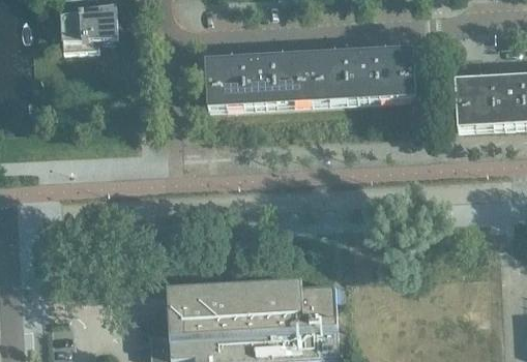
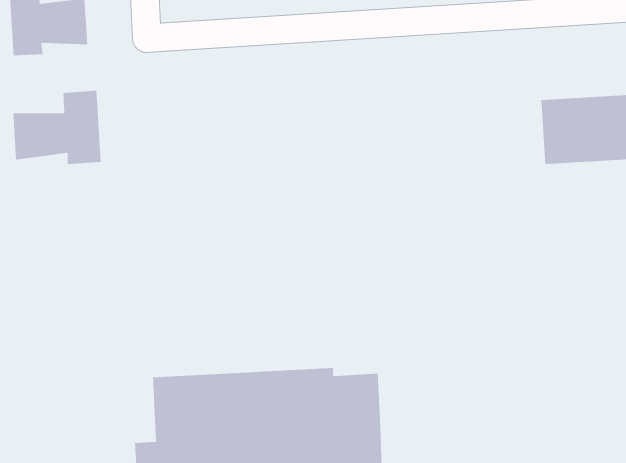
building: [205,46,416,105] -> none
building: none -> [12,90,102,165]

